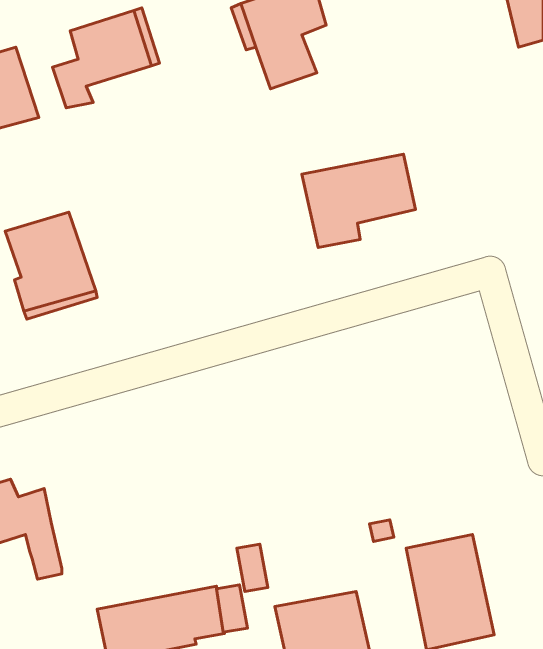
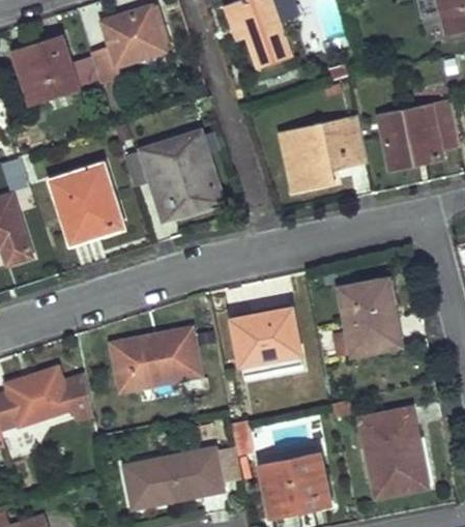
building: none -> [379,103,458,163]
building: none -> [124,133,220,216]
building: none -> [341,281,400,354]
building: none -> [232,310,299,364]
building: none -> [112,328,202,390]

